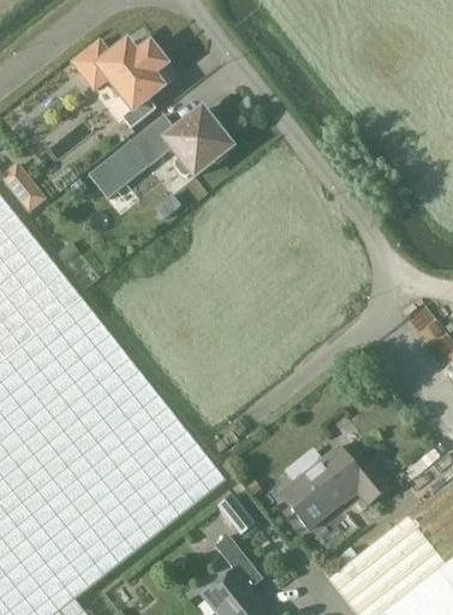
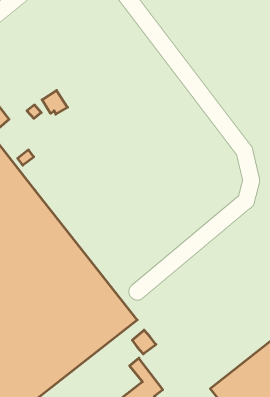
building: [82,42,172,129] -> none
building: [130,109,232,177] -> none
building: [279,446,388,531] -> none

